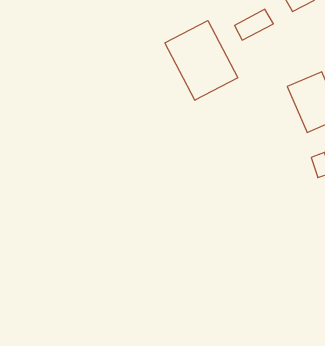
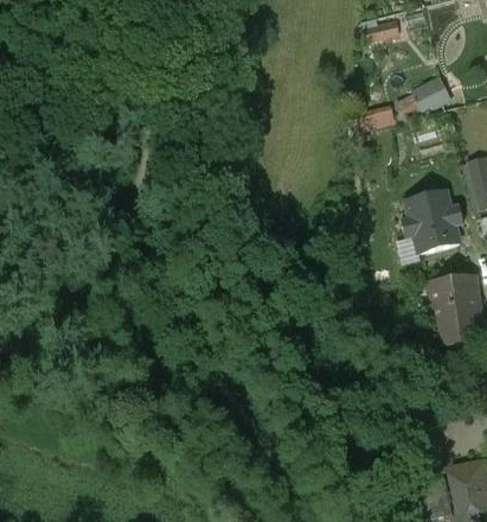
building: [165,21,238,100] -> none

